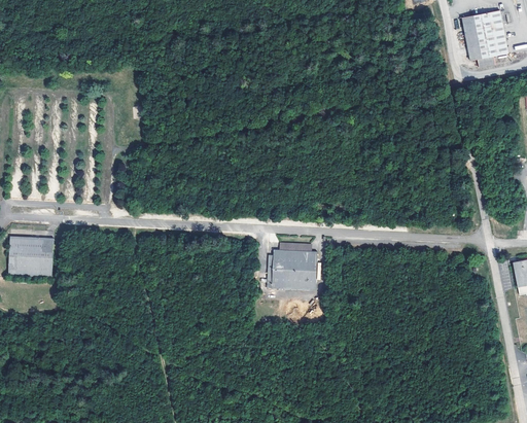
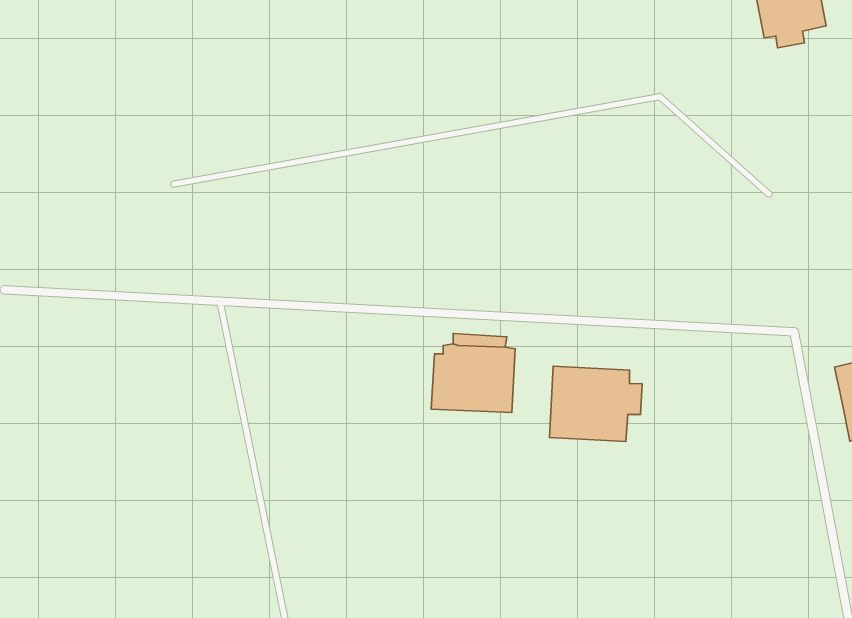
building: [8,235,55,276] -> none
building: none -> [549,366,642,441]

